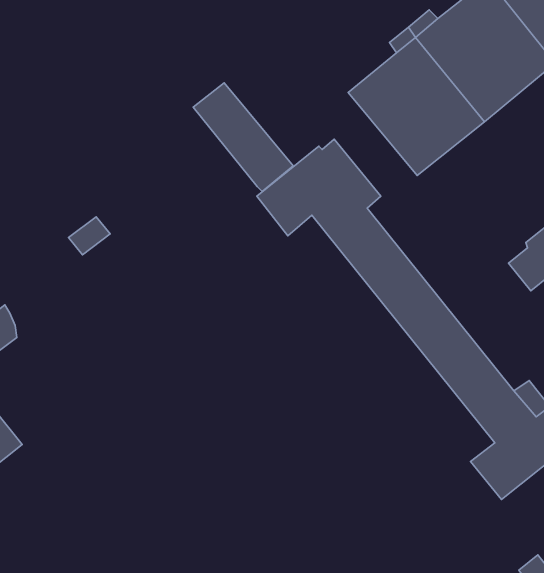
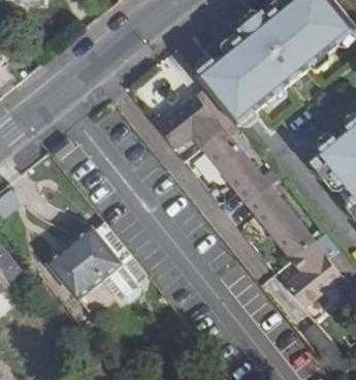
building: [193,83,293,192] -> [195,61,255,126]
building: none -> [51,222,144,304]

